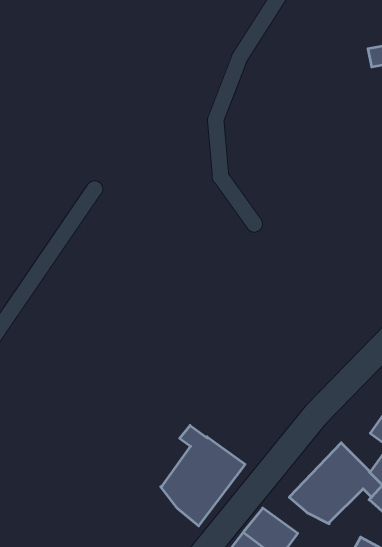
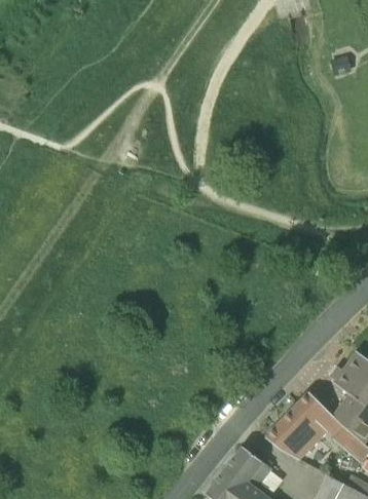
building: [161,425,245,526] -> none

